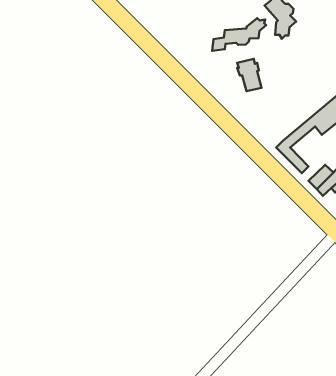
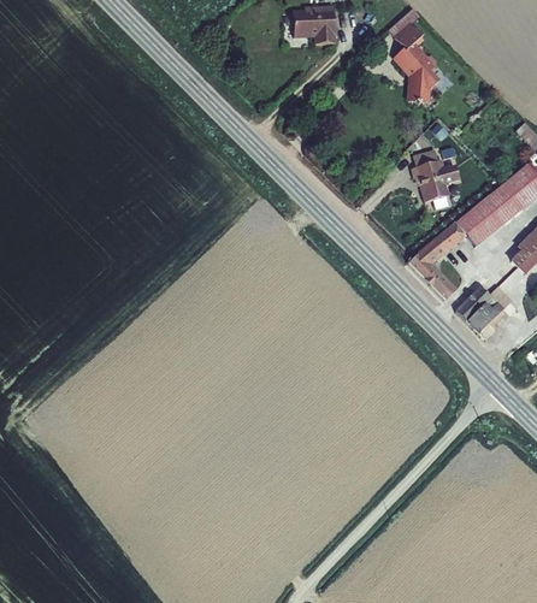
building: [212,18,266,51] -> none
building: [237,59,261,91] -> [411,148,445,195]

